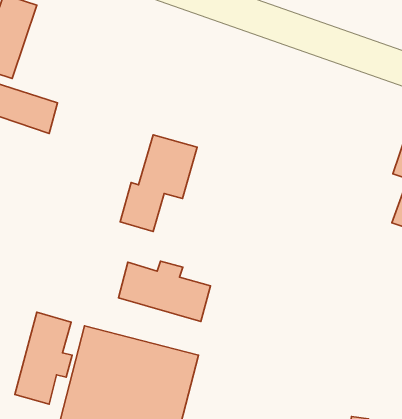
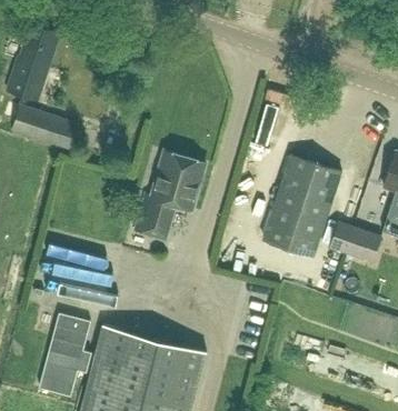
building: none -> [262,156,341,257]
building: none -> [328,221,381,263]
building: [118,261,211,322] -> none

